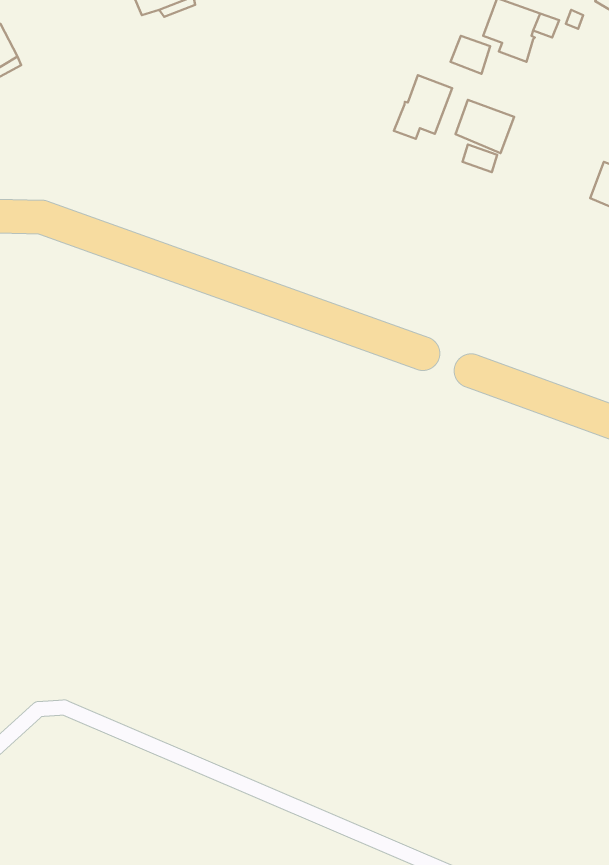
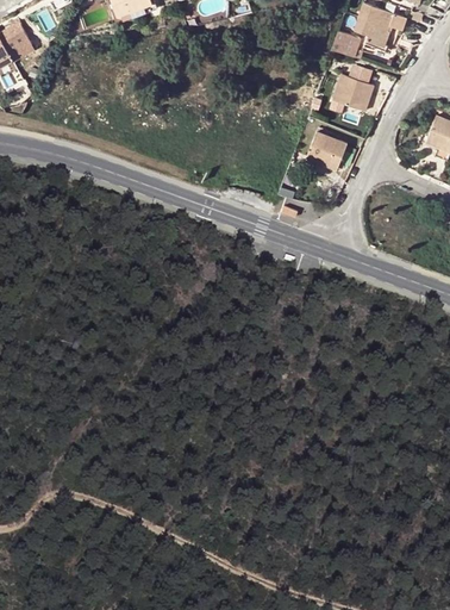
building: [394,75,452,139] -> none
building: none -> [308,131,349,168]

